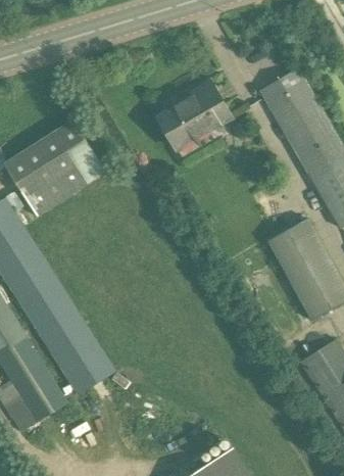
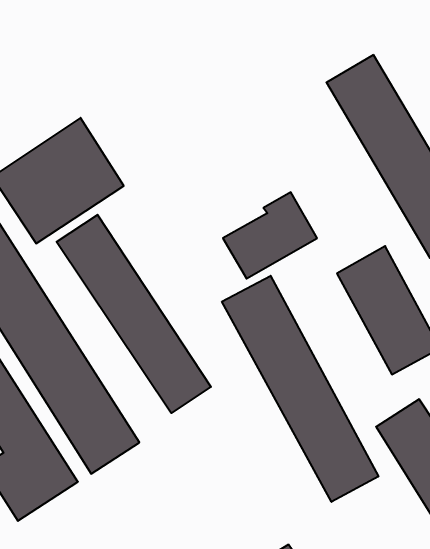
building: [158,82,232,149] -> [223,192,317,279]
building: none -> [57,215,211,413]
building: none -> [222,276,378,502]

